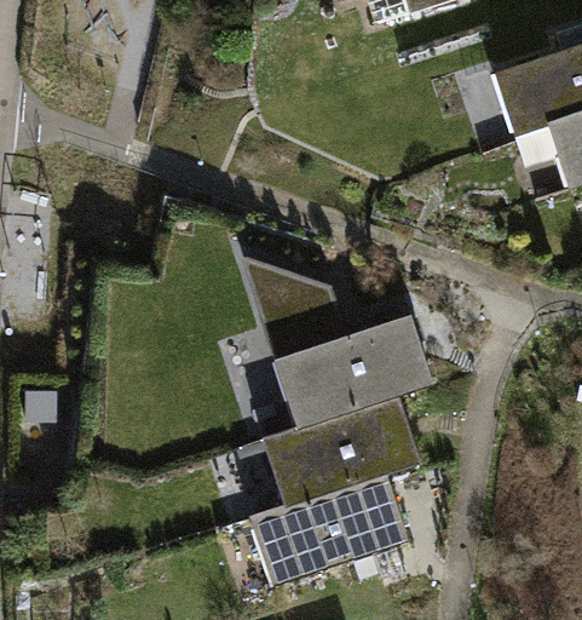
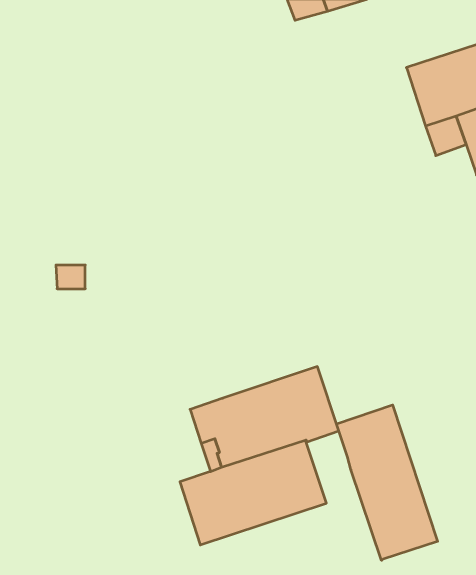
building: [247,256,432,427] -> none
building: none -> [337,405,438,560]

